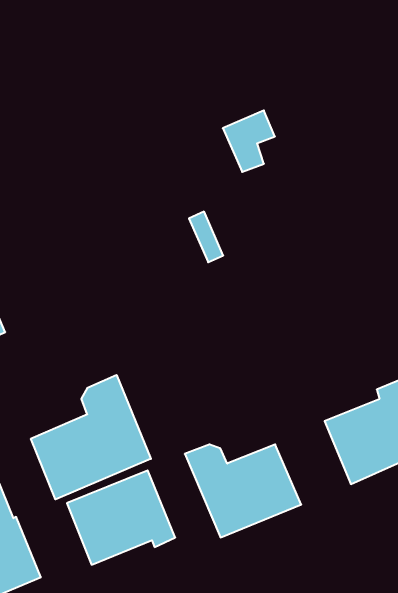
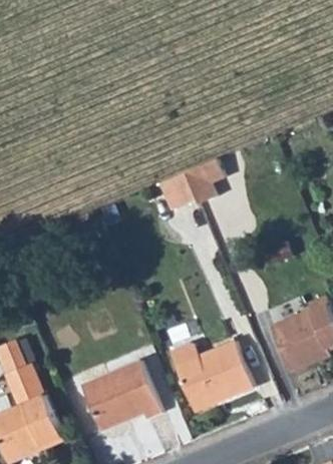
building: [223,110,275,172] -> [182,158,220,203]
building: [31,375,151,499] -> none

